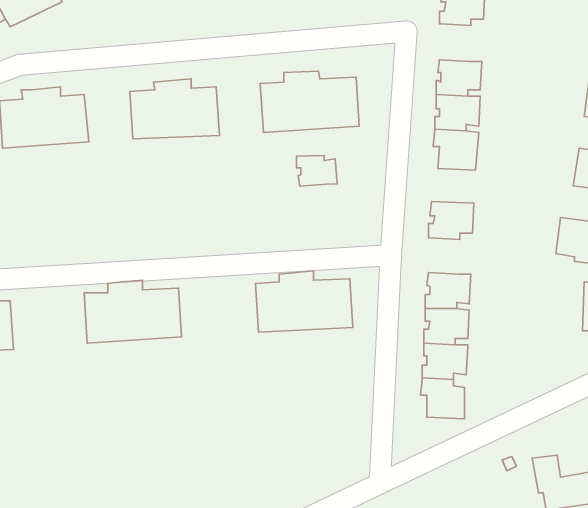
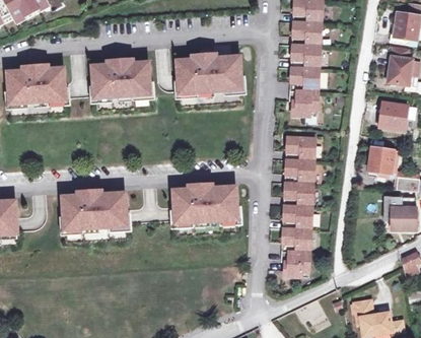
building: none -> [291,22,321,47]
building: [296,155,337,186] -> none
building: none -> [284,160,313,184]

